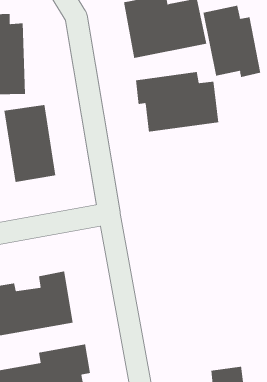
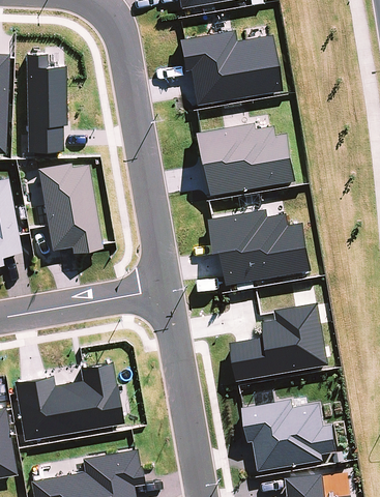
building: [203,5,261,78] -> none
building: none -> [209,211,313,288]
building: none -> [231,305,329,382]
building: none -> [244,400,339,474]

